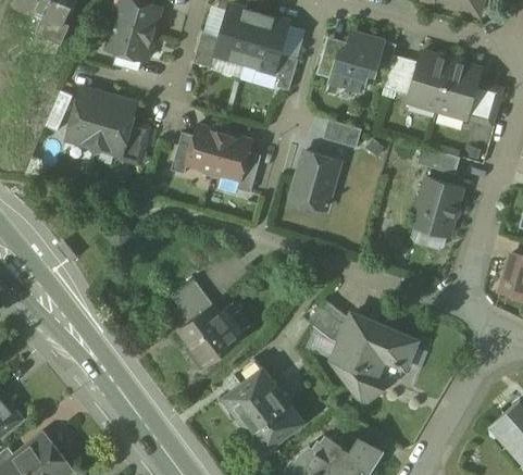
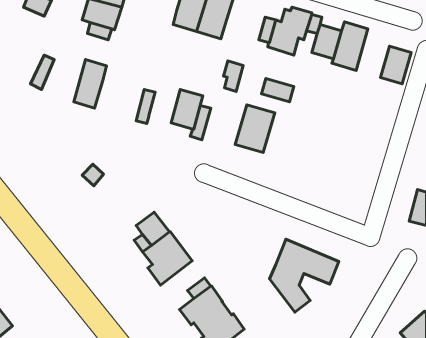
building: [194,32,221,68] -> none
building: [274,53,298,90] -> [223,61,243,92]
building: [437,60,481,118] -> none
building: [67,89,111,148] -> none
building: [122,122,150,165] -> none
building: [187,125,225,173] -> none
building: [418,146,461,174] -> none
building: [413,177,463,236] -> none
building: [309,300,350,343] -> none

